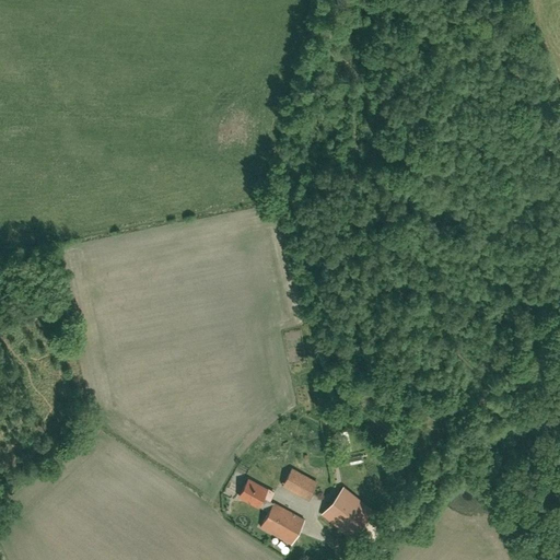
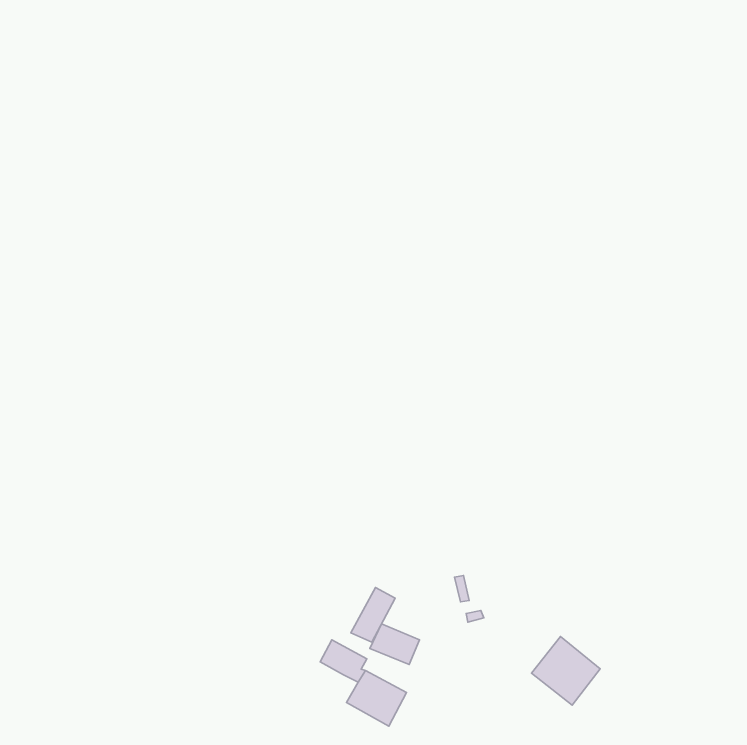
building: none -> [351,587,395,642]
building: [322,488,373,539] -> [531,637,600,705]

